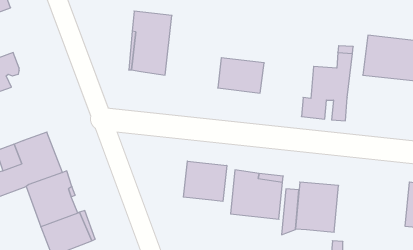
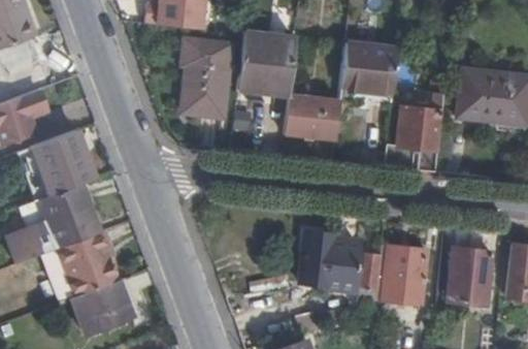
building: none -> [237,34,294,96]
building: none -> [340,43,397,95]
building: none -> [34,131,94,195]
building: [183,161,227,201] -> none
building: none -> [449,249,492,306]

